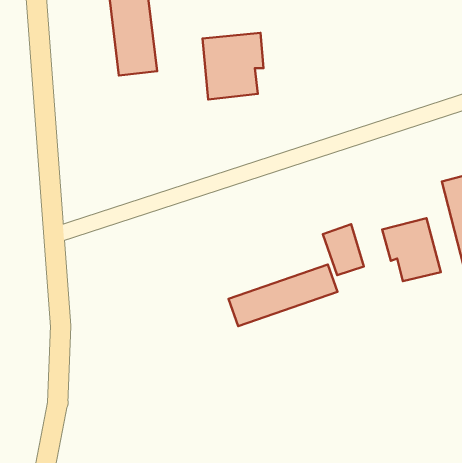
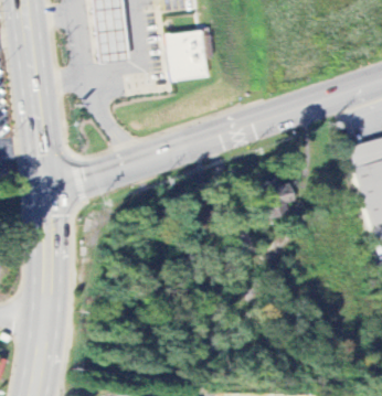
building: [382,218,441,281] -> none
building: [228,265,338,326] -> none

